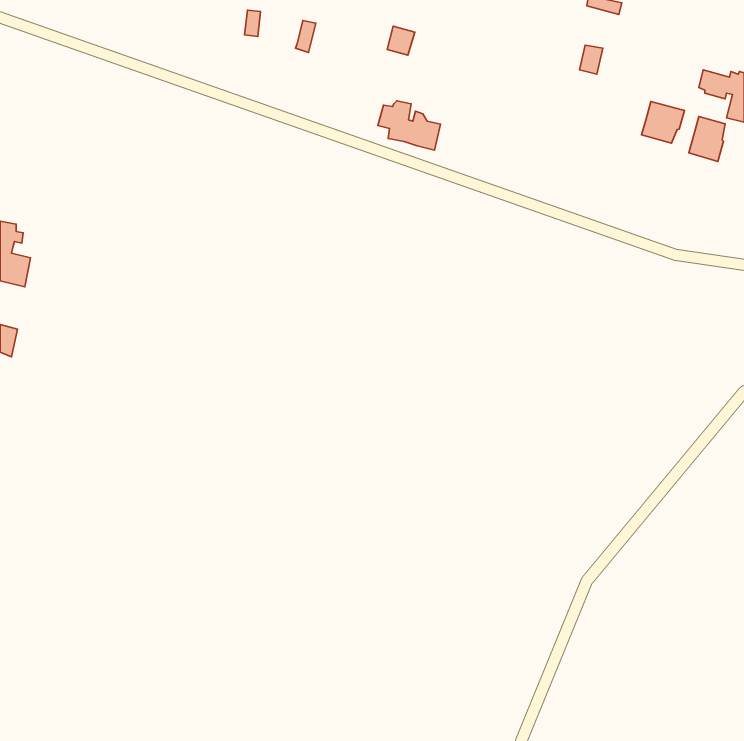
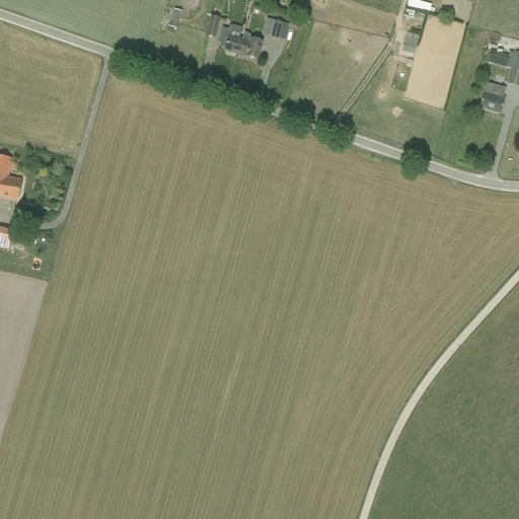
building: [378,101,440,150] -> [218,23,262,58]
building: [641,102,684,143] -> none

